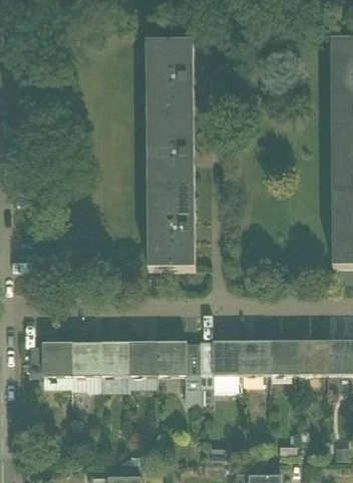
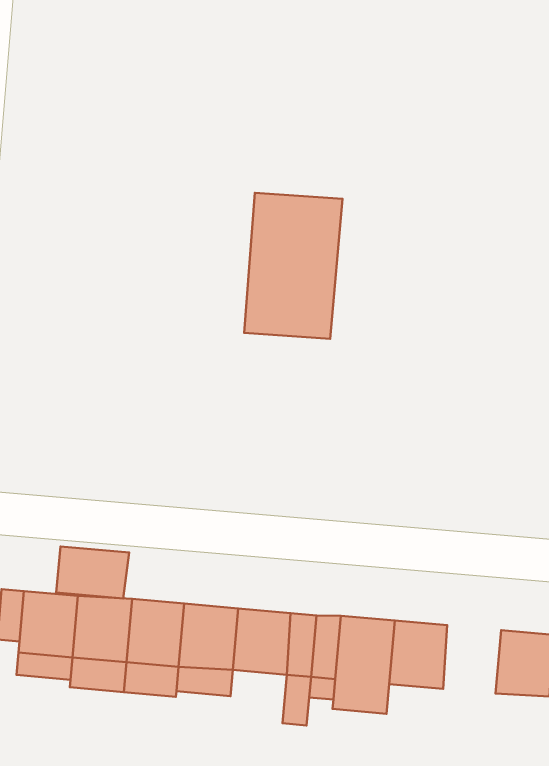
building: [146,41,194,118] -> none
building: [147,192,195,269] -> none
building: none -> [56,546,129,598]
building: [270,340,299,374] -> none

